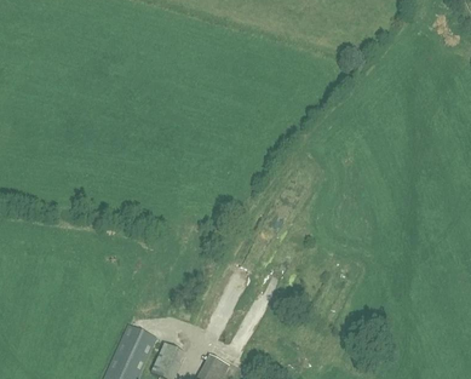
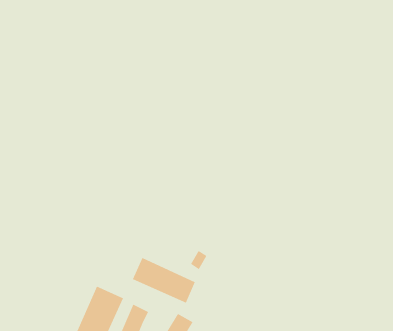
building: none -> [132,257,195,304]

